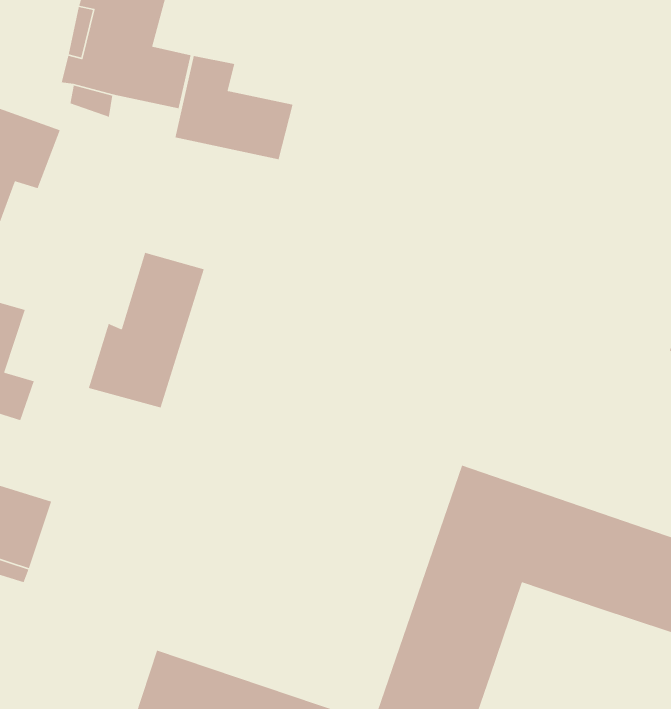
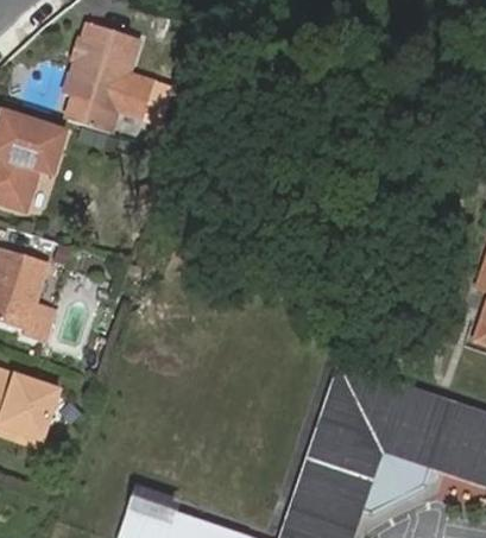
building: [175,55,294,160] -> none
building: [88,252,205,409] -> none
building: none -> [359,445,433,512]

